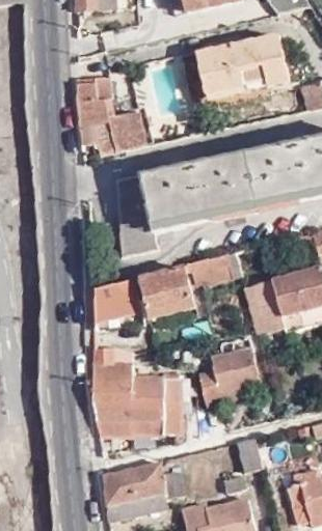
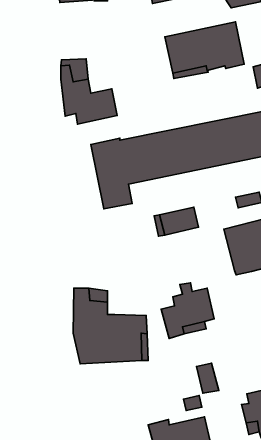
building: [91,269,192,323] -> none
building: [239,278,279,334] -> none
building: [100,457,182,519] -> none

